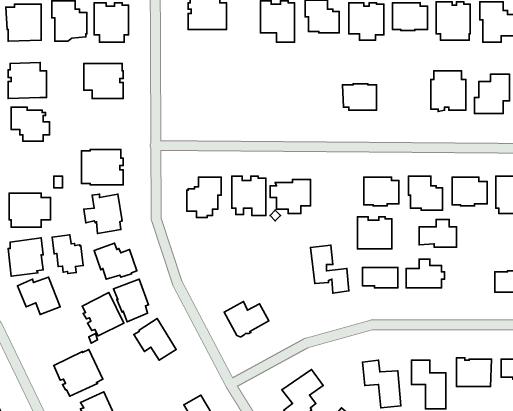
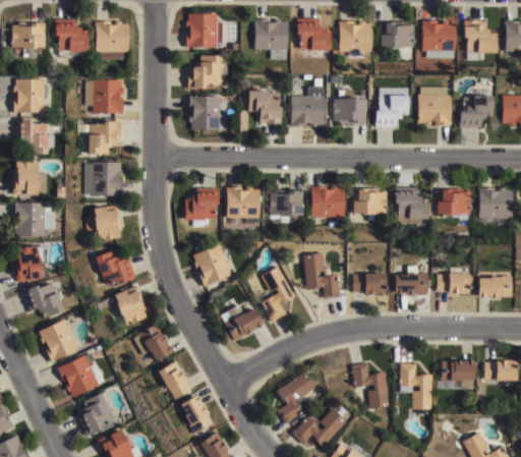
building: none -> [186,54,226,88]
building: none -> [290,87,323,125]
building: none -> [247,90,280,122]
building: none -> [375,95,408,126]
building: none -> [188,96,226,128]
building: none -> [77,121,121,154]
building: none -> [13,161,47,194]
building: [358,217,392,249] -> [311,185,344,216]
building: [419,219,457,247] -> [433,267,469,293]
building: [52,235,83,273] -> none
building: none -> [192,243,231,285]
building: none -> [260,266,297,321]
building: [82,292,124,336] -> [39,319,78,360]
building: none -> [158,361,191,400]

